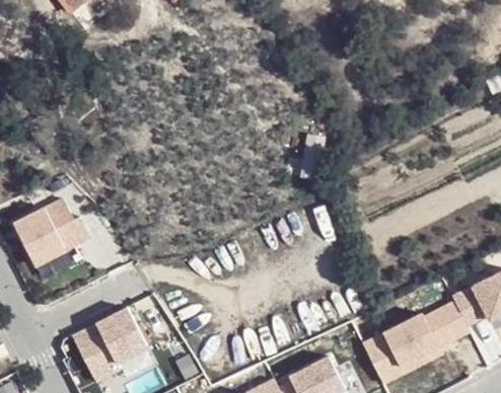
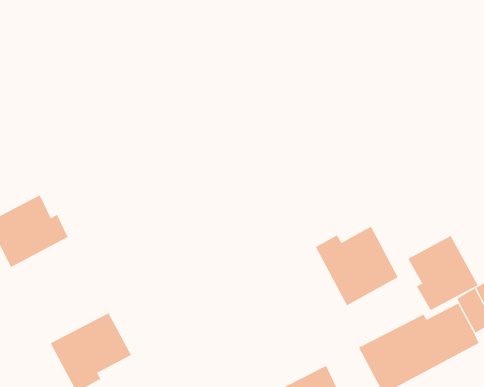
building: none -> [315,226,399,306]
building: none -> [407,235,479,311]

